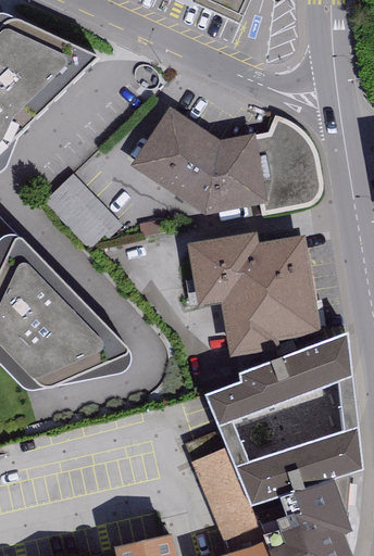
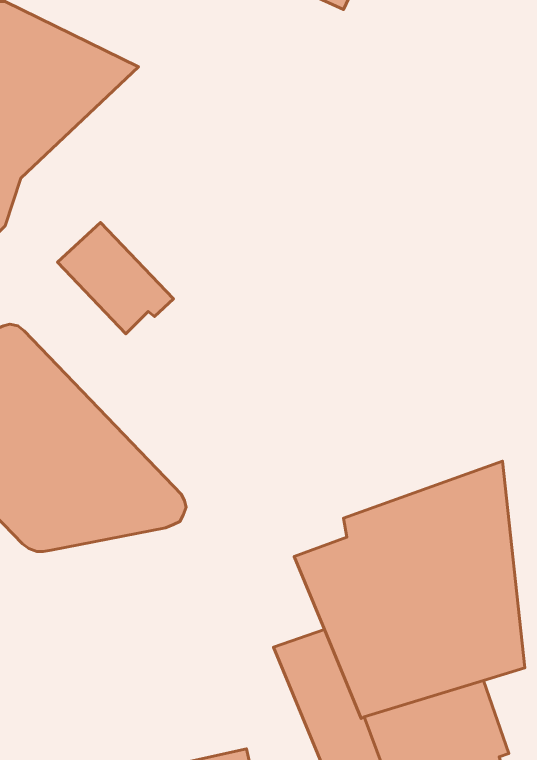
building: [128,103,323,212] -> none
building: [187,230,322,354] -> none

